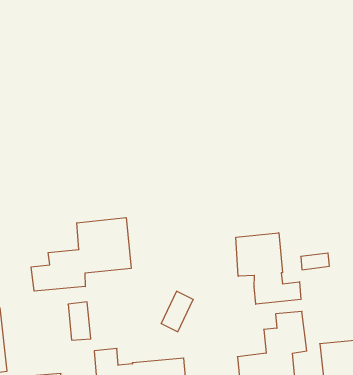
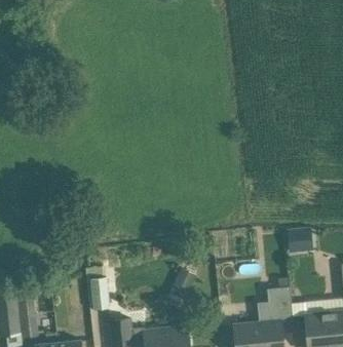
building: [31,218,131,291] -> none
building: [236,233,301,304] -> none

